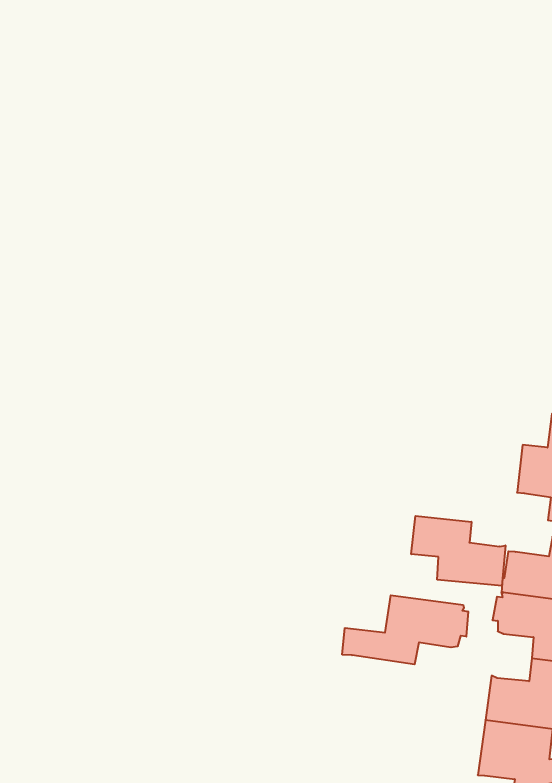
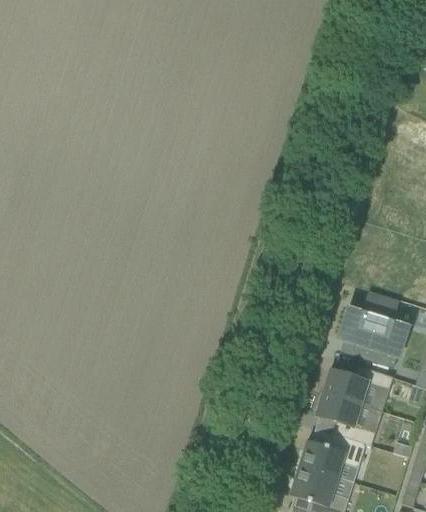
building: [411,516,505,586] -> none
building: [342,595,468,664] -> none

